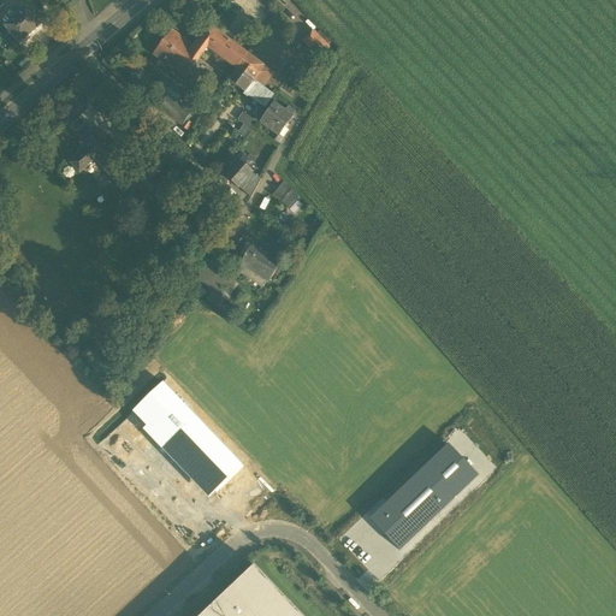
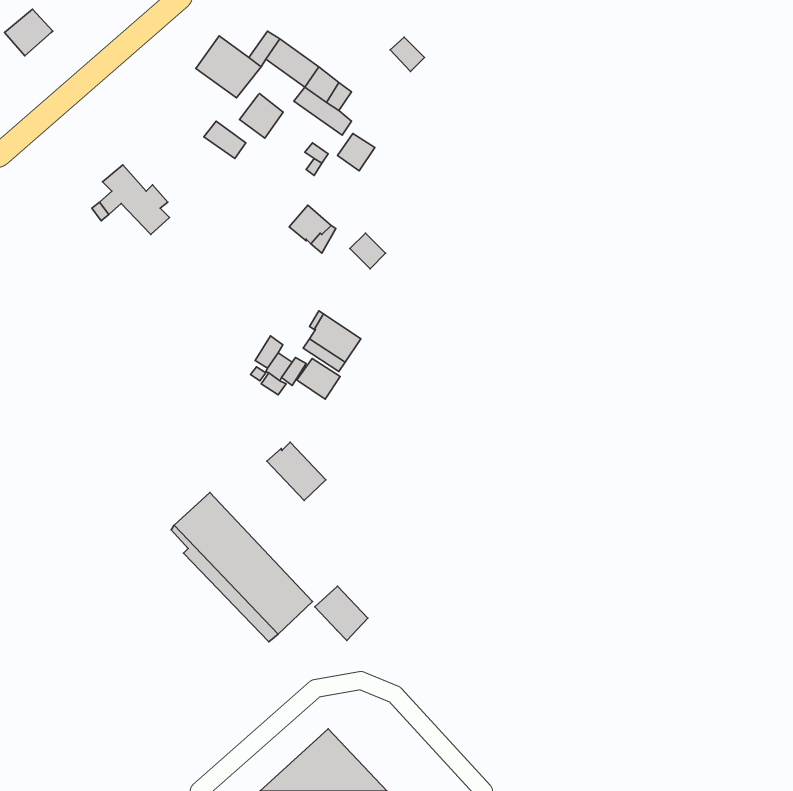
building: none -> [240,93,283,138]
building: none -> [297,359,340,399]
building: none -> [267,442,326,500]
building: [368,443,478,549] -> none
building: none -> [315,586,368,640]

